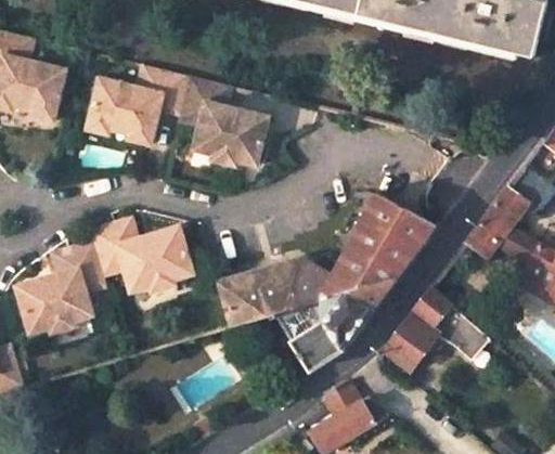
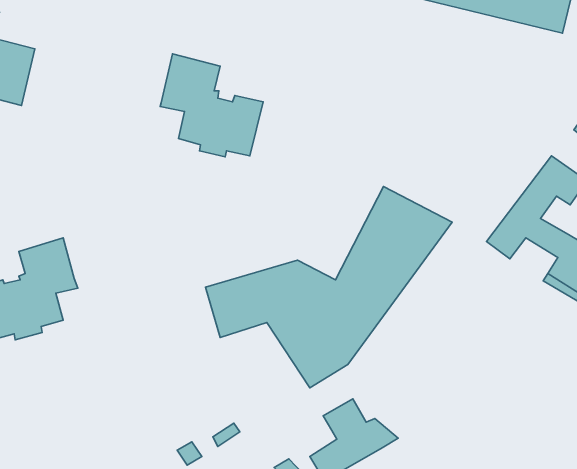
building: [83,65,188,146] -> none
building: [88,215,192,289] -> none
building: [383,288,485,369] -> none

